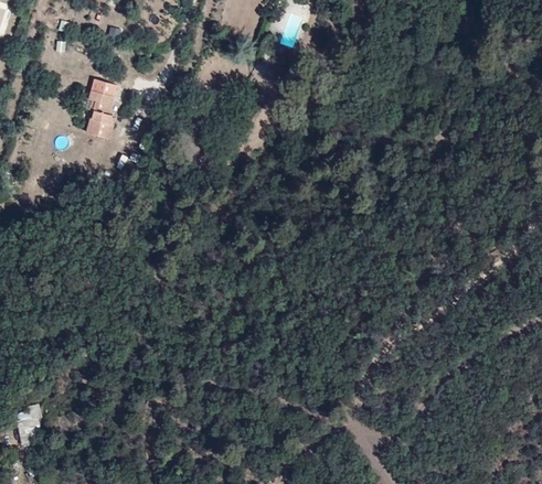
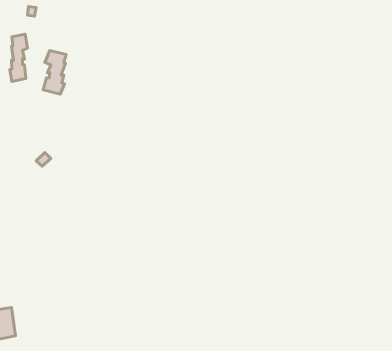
building: none -> [10,34,28,81]

